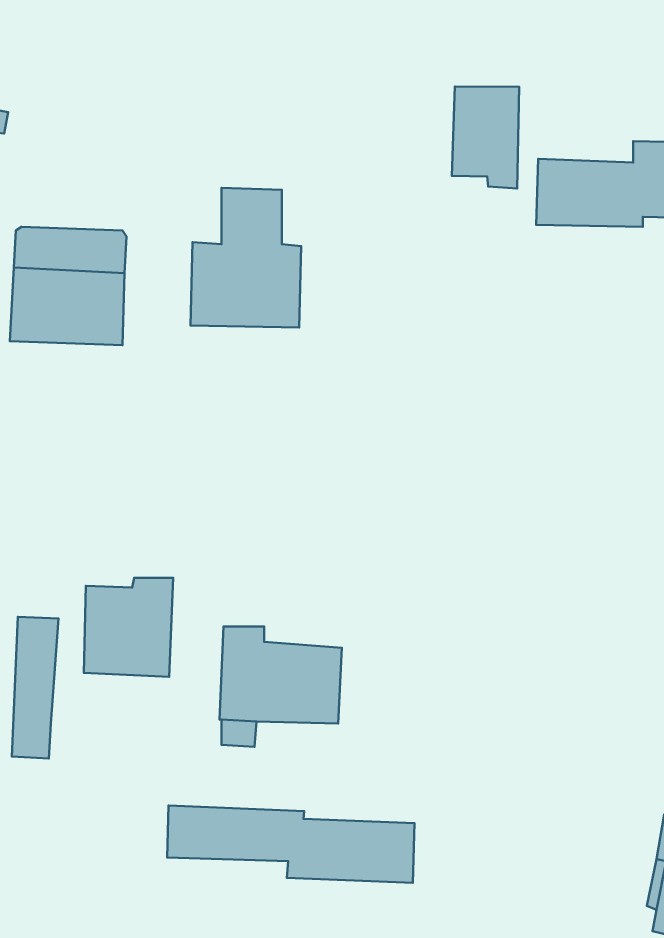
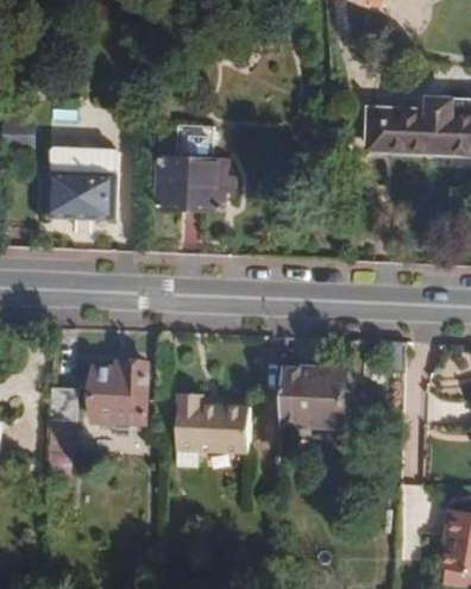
building: [452,86,519,188] -> none
building: none -> [281,368,353,430]
building: [167,806,415,883] -> none

